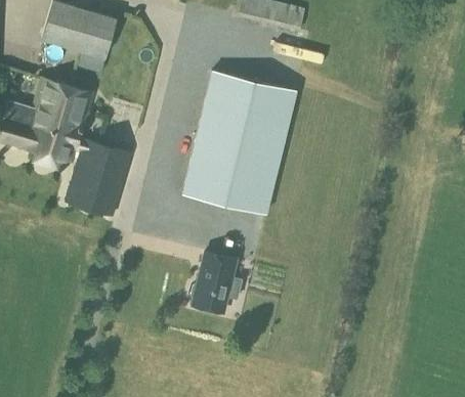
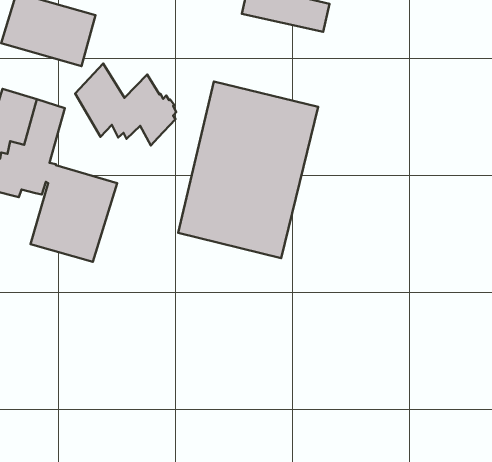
building: none -> [75,64,176,145]
building: [192,252,242,313] -> none

